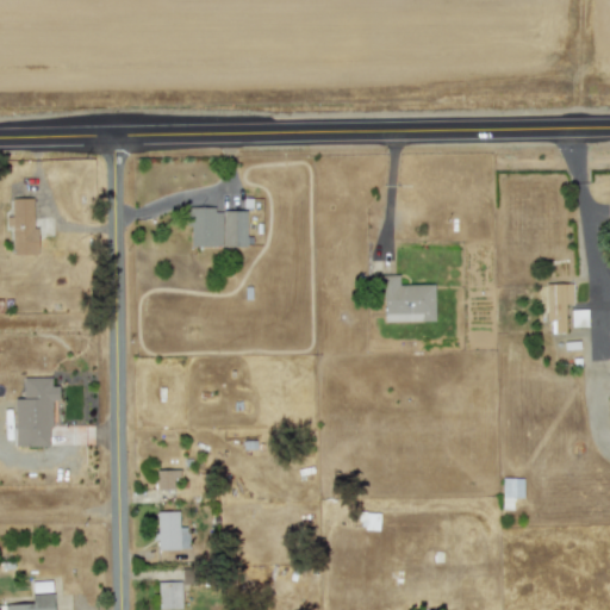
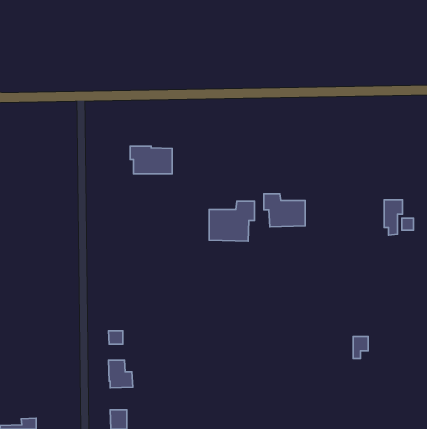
building: [8,198,38,255] -> none
building: none -> [209,201,255,241]
building: [17,376,61,447] -> none

